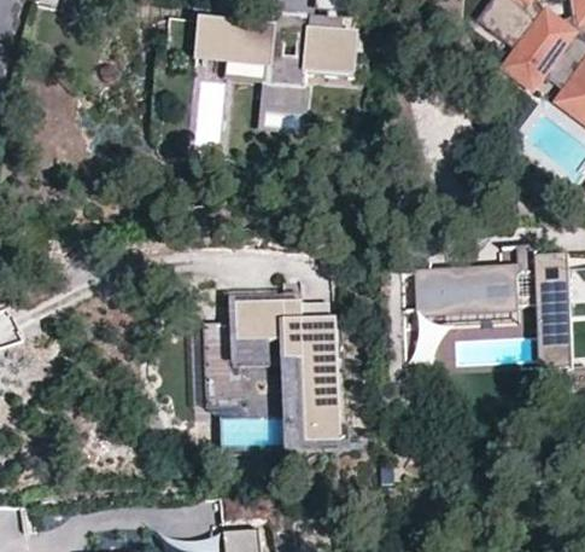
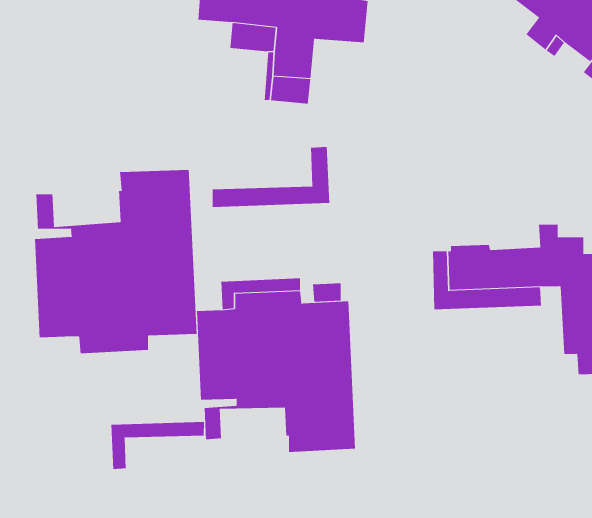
building: none -> [212,146,330,208]
building: none -> [34,169,197,354]
building: none -> [111,421,204,470]

